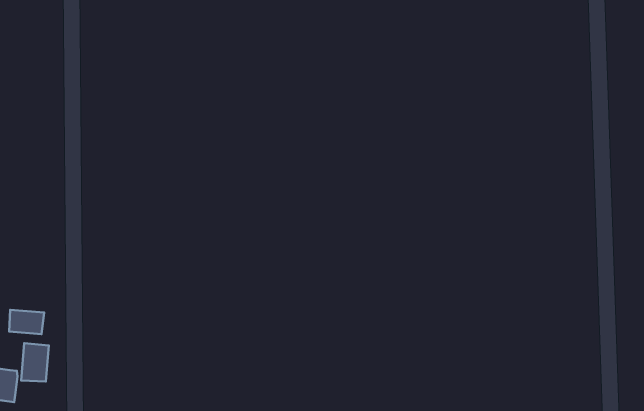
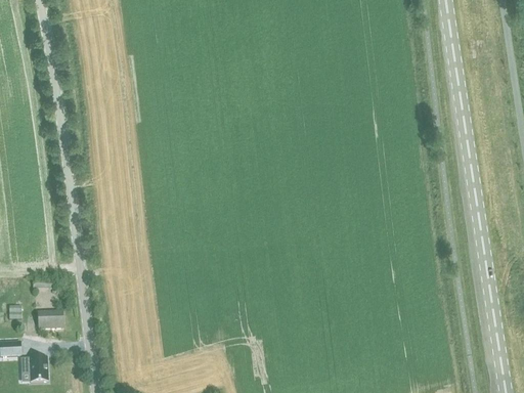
building: [21,343,49,382] -> none

